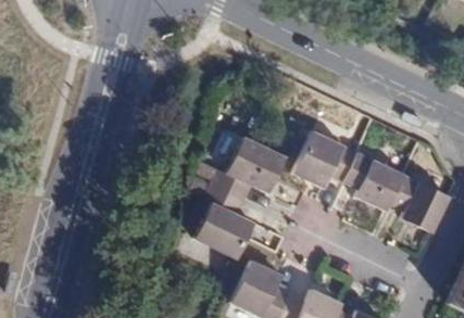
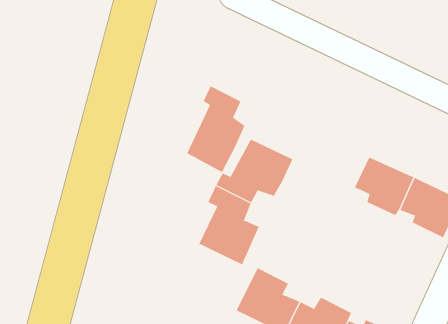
building: none -> [187,86,245,173]
building: [293,131,359,186] -> none

